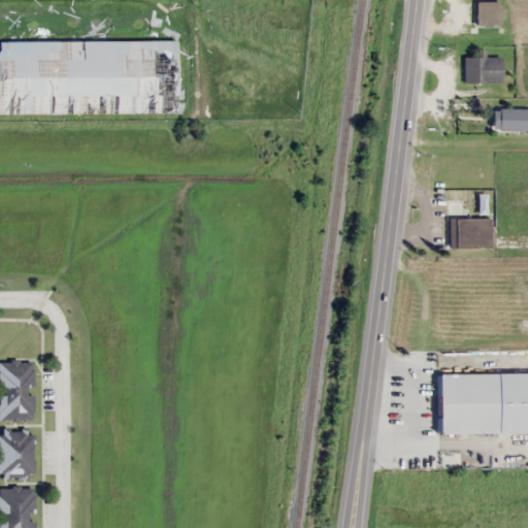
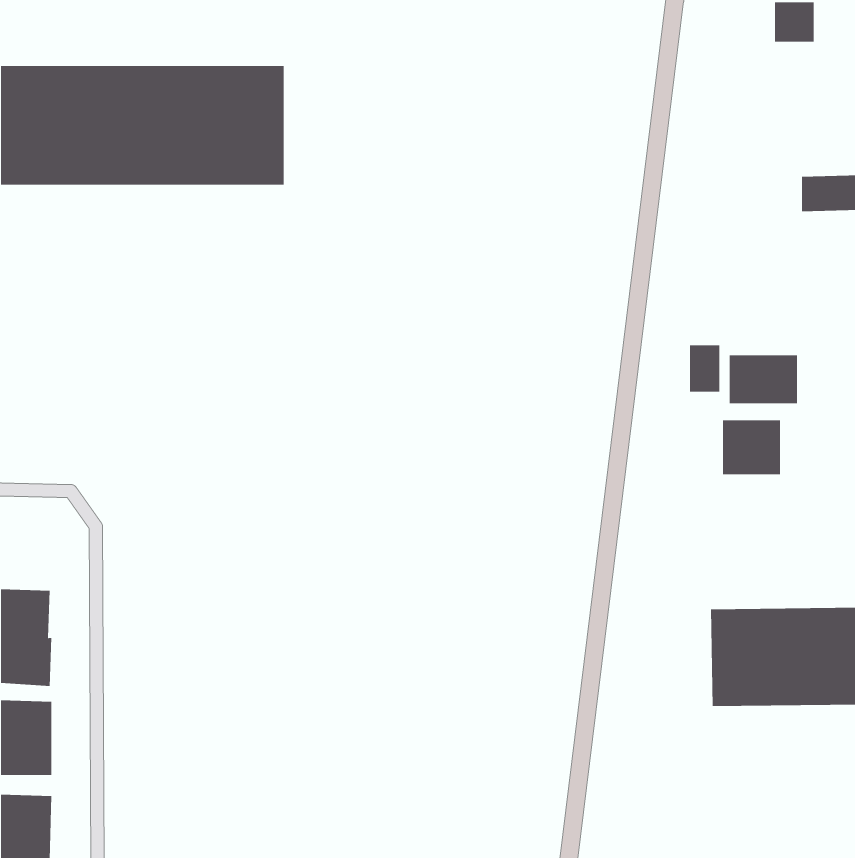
building: [465,52,502,84] -> none
building: none -> [690,345,720,392]
building: none -> [723,419,780,475]

